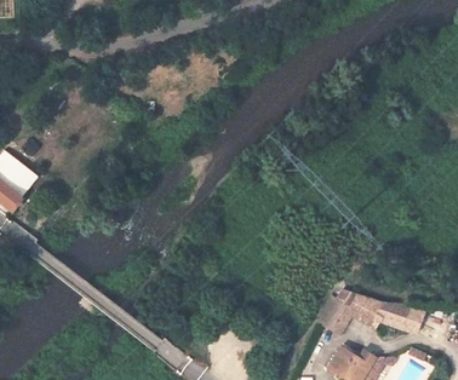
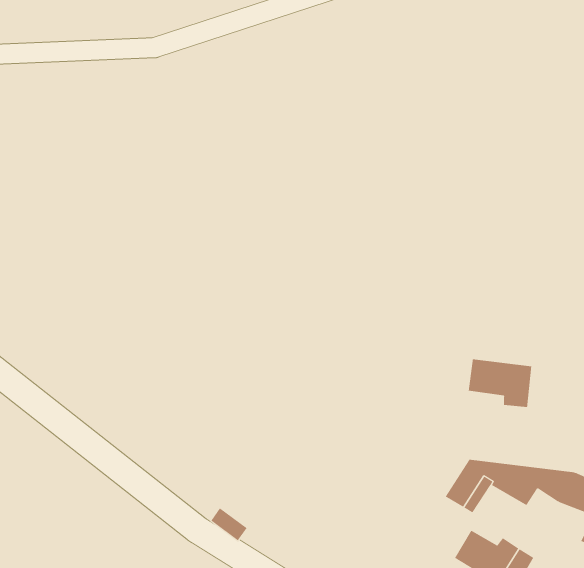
building: none -> [468,358,532,408]

